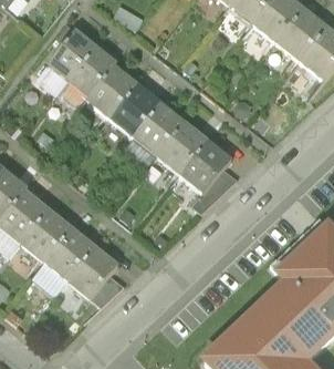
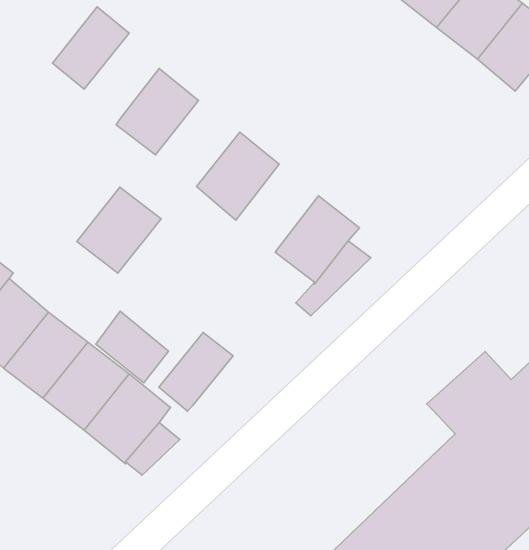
building: [67,44,115,95] -> none
building: [109,84,159,135] -> [77,187,161,273]
building: [157,122,206,174] -> none
building: none -> [96,311,169,383]
building: none -> [159,332,233,411]

